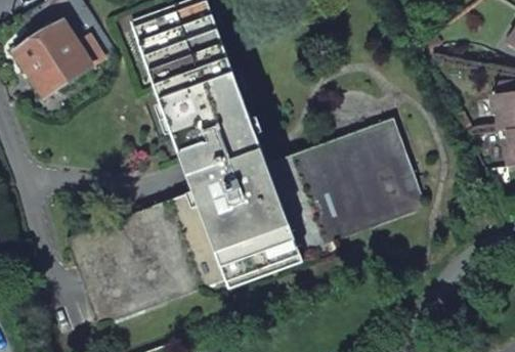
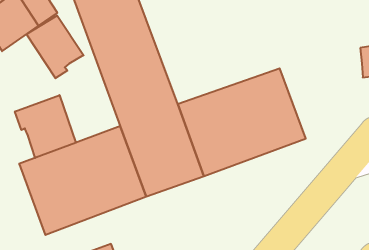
building: none -> [27,15,84,78]
building: none -> [15,95,76,158]

